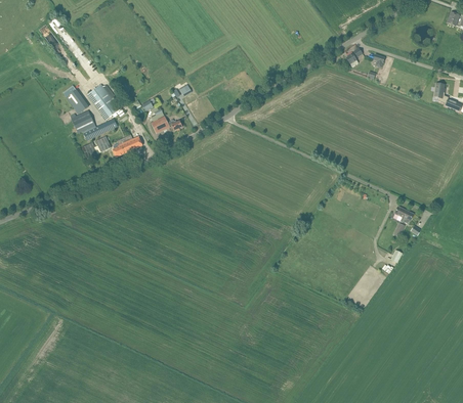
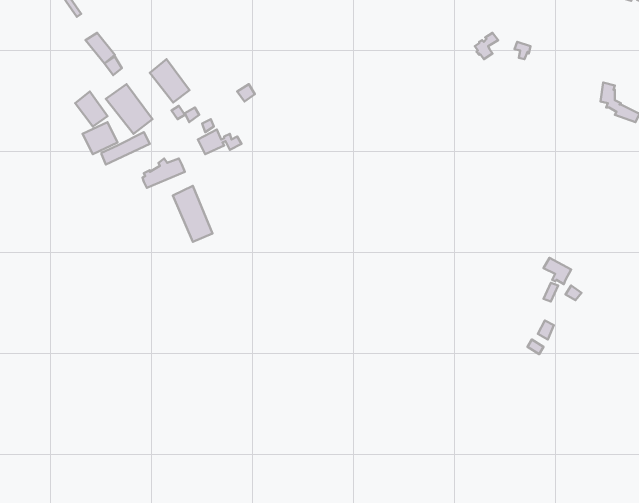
building: none -> [150,59,190,103]
building: none -> [173,186,213,242]

